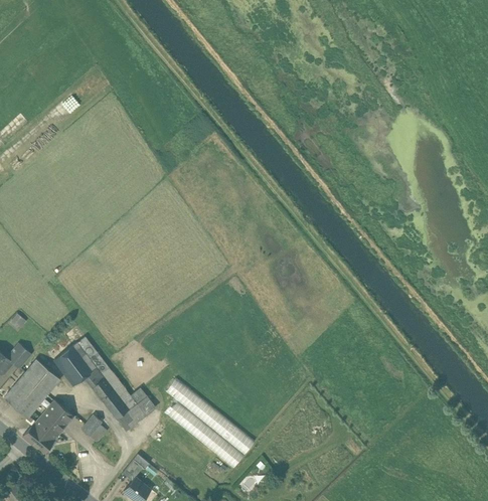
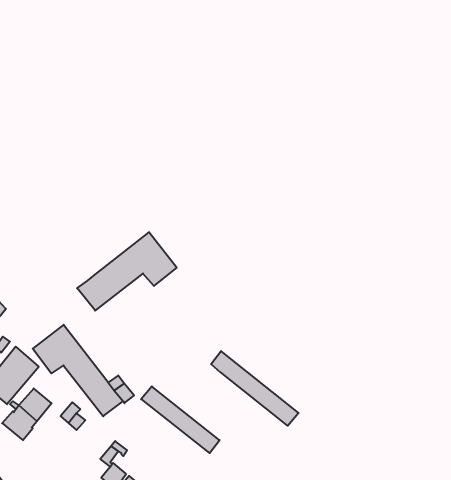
building: none -> [77,232,177,311]
building: [165,378,254,454] -> [211,351,299,426]

